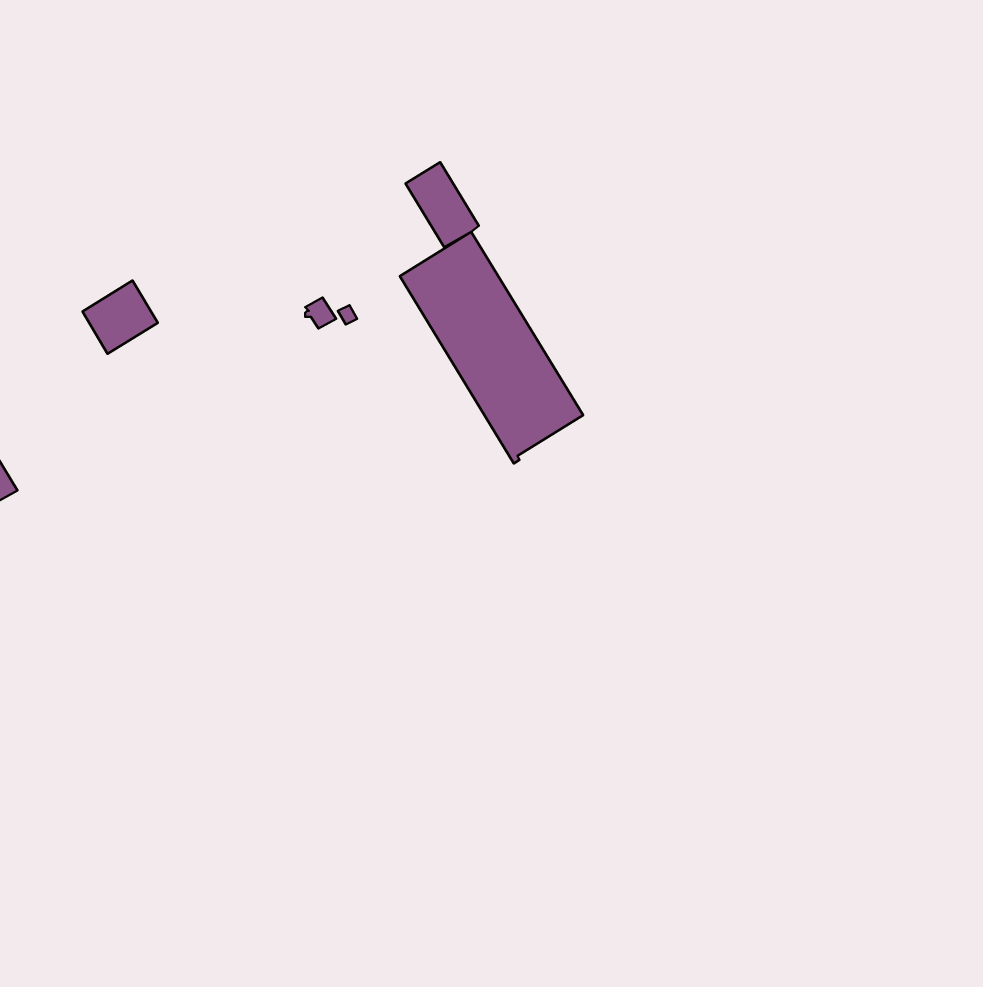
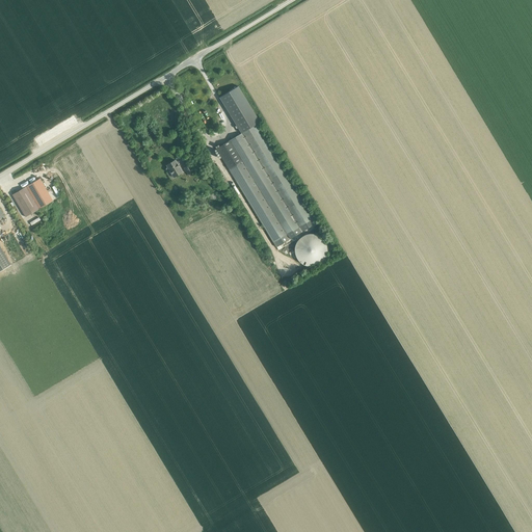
building: [82,280,158,354] -> [10,178,51,217]
building: none -> [293,234,325,266]

